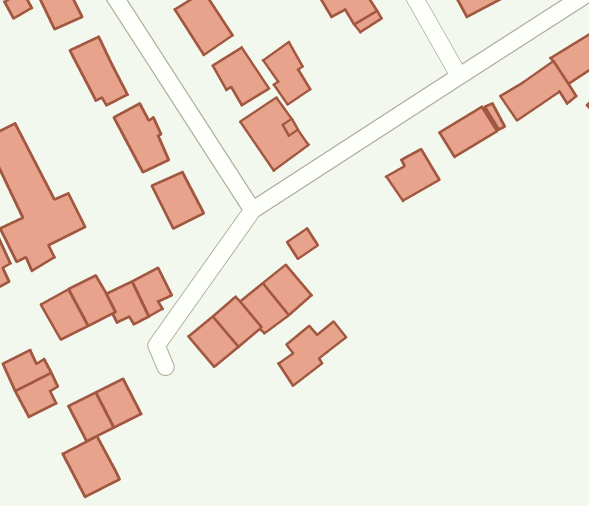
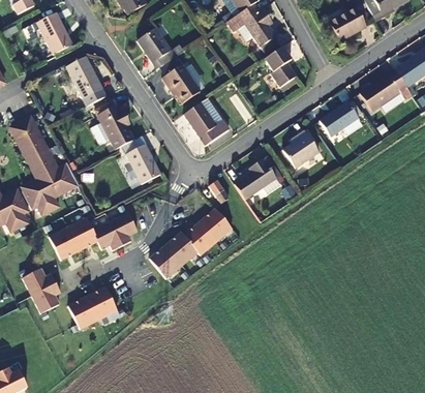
building: [263,42,310,104] -> [266,44,298,87]
building: none -> [233,159,275,200]
building: [278,322,346,386] -> none
building: [63,436,119,497] -> none

